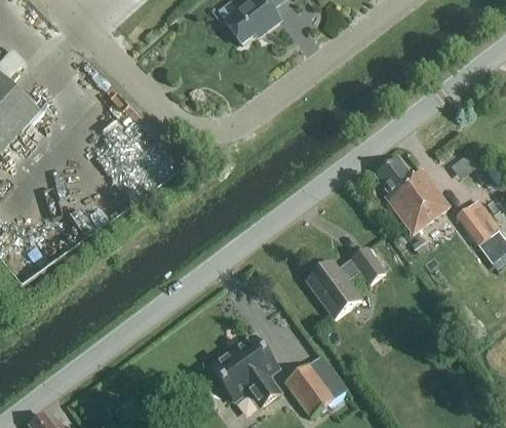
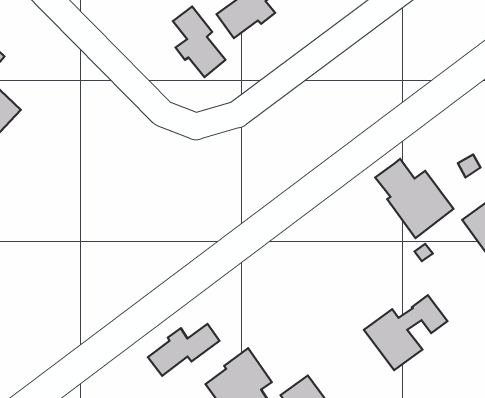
building: none -> [173,7,226,77]
building: [306,247,385,318] -> [364,295,448,370]
building: none -> [148,324,219,376]

